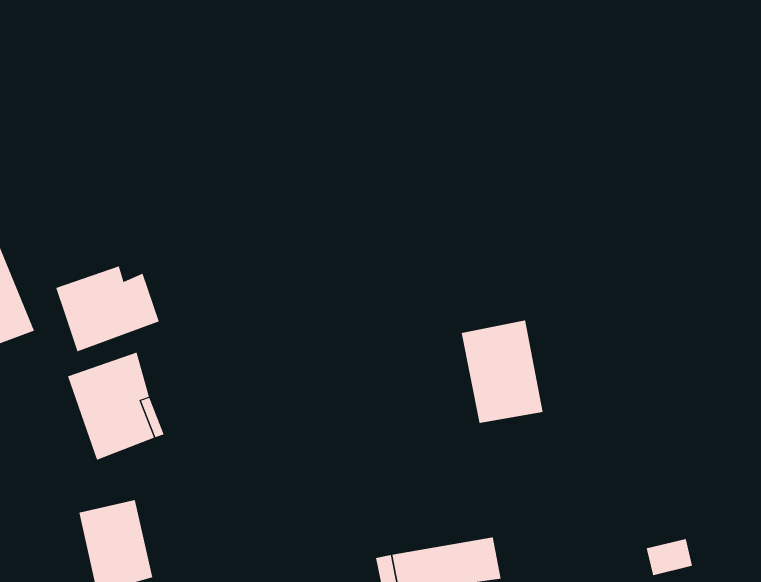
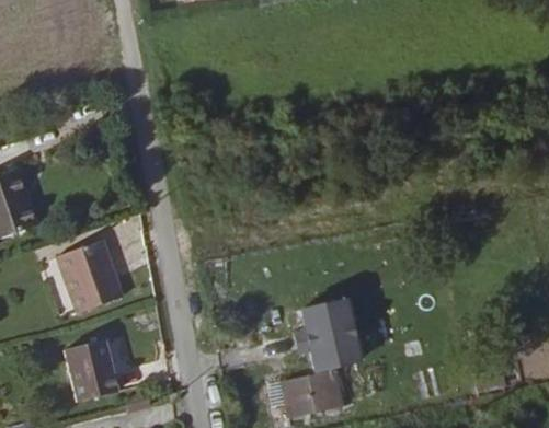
building: [56,266,160,352] -> none
building: [461,320,544,424] -> [301,299,357,369]

